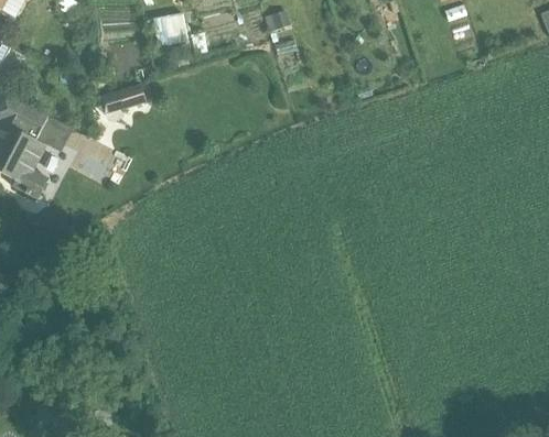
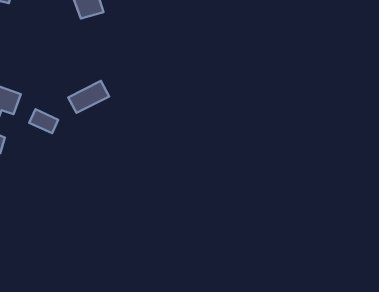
building: [99,79,150,114] -> [68,81,109,113]

